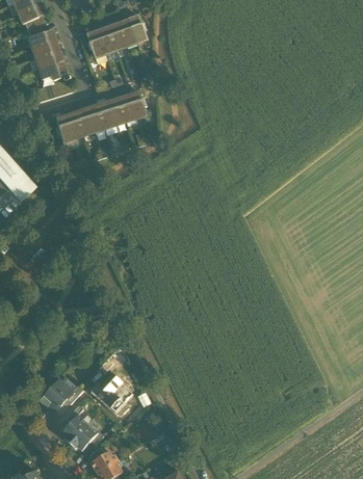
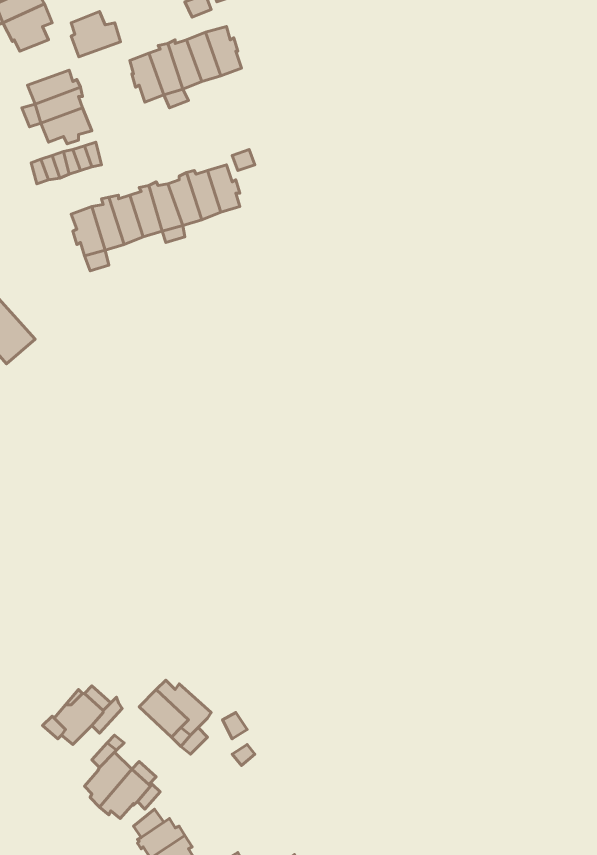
building: [27,23,54,48] -> [71,11,120,57]

